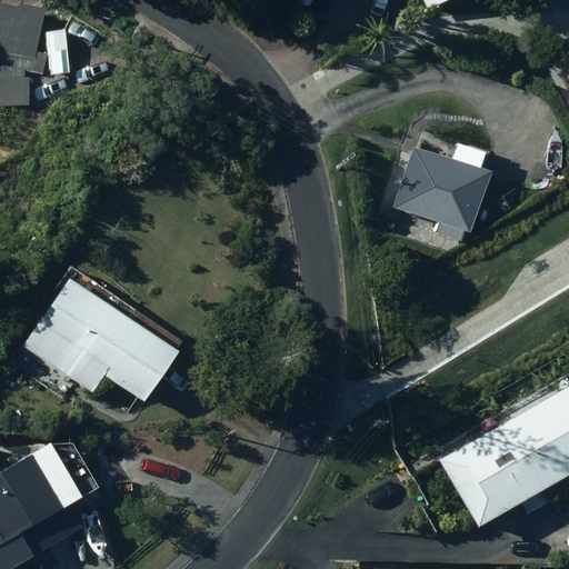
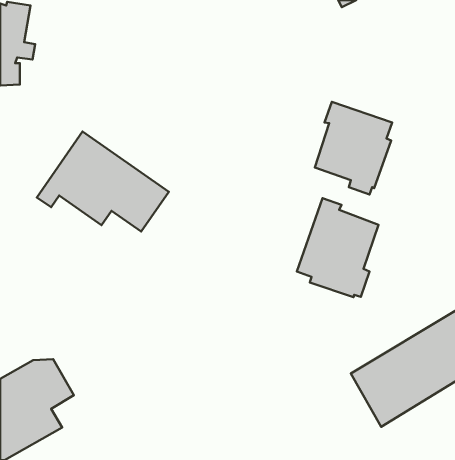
building: none -> [297,198,379,297]
building: [11,278,174,401] -> [37,132,169,232]

